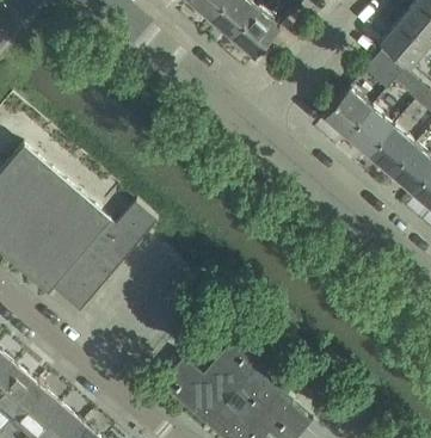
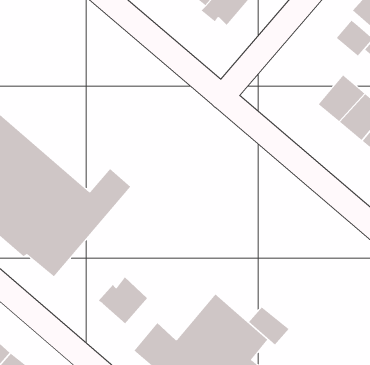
building: [324,87,371,136] -> none
building: none -> [98,277,148,324]
building: none -> [248,307,289,346]

